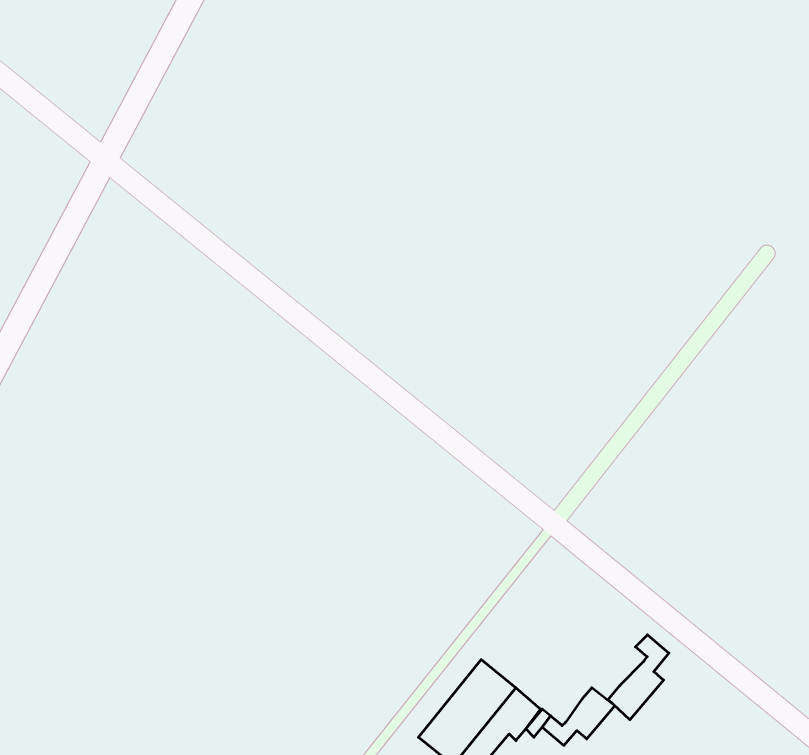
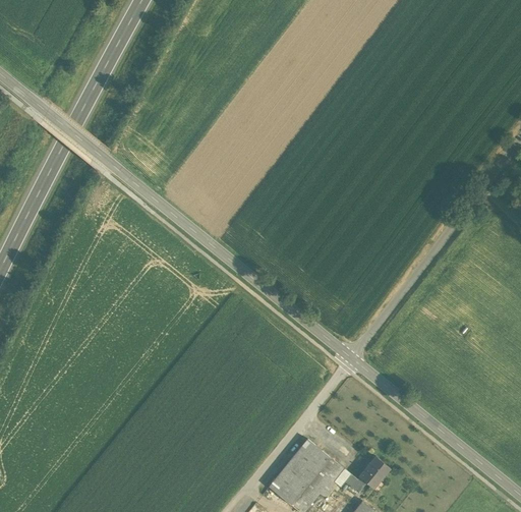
building: [608,635,669,720] -> none

